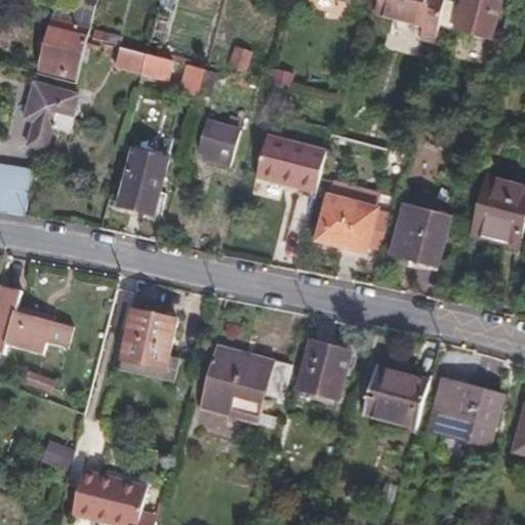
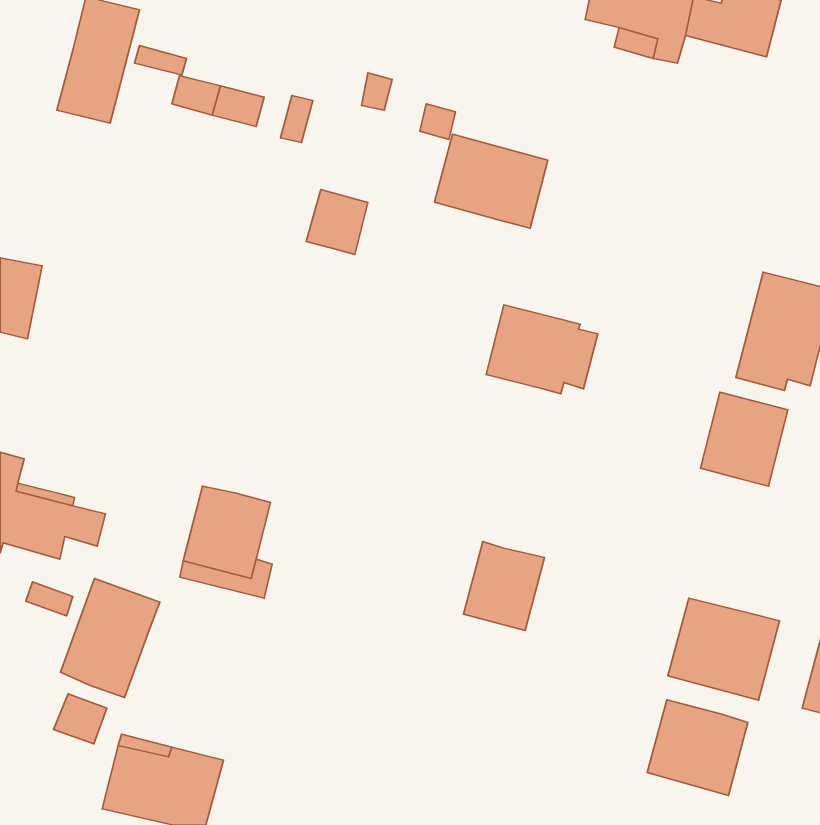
building: [25,81,78,148] -> none
building: [253,131,325,191] -> [435,134,548,228]
building: [118,151,164,213] -> none
building: [391,204,446,264] -> [700,392,788,486]
building: [198,350,288,420] -> none
building: none -> [60,578,160,698]
building: [364,366,428,427] -> [647,700,748,795]

